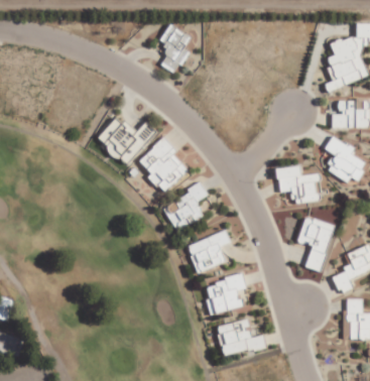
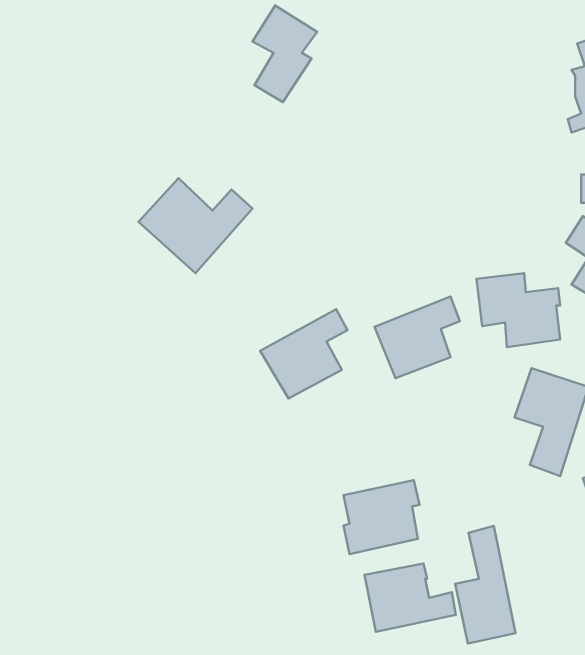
building: [137,136,188,194] -> none
building: [184,230,230,273] -> [375,297,460,378]
building: none -> [455,526,515,644]

